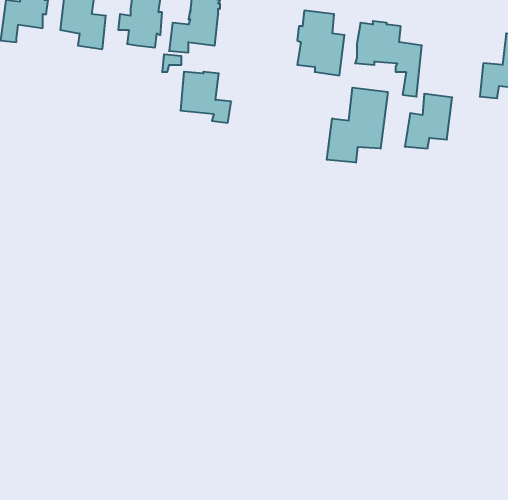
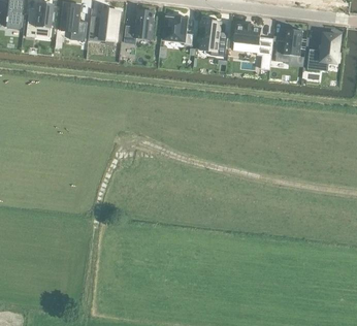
building: [180,72,231,123] -> [164,15,194,45]
building: [327,88,388,163] -> none
building: [405,94,452,148] -> [274,29,302,61]

